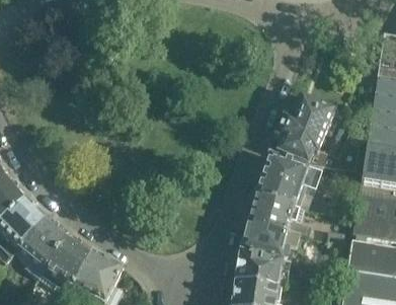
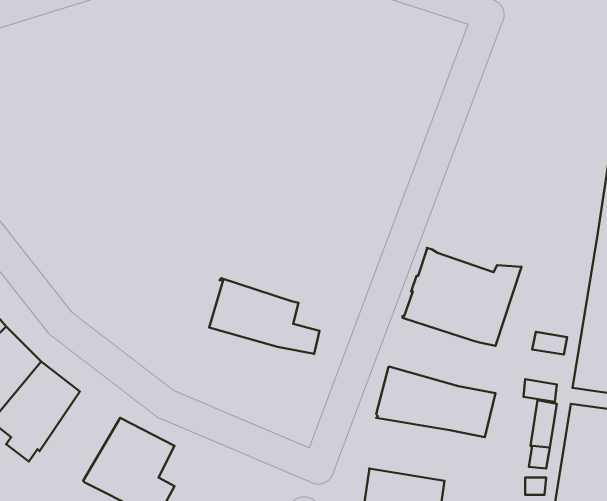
building: [275,92,335,163] -> none
building: [248,189,312,233] -> [209,278,320,354]
building: [39,232,92,288] -> none
building: [236,247,291,285] -> none

